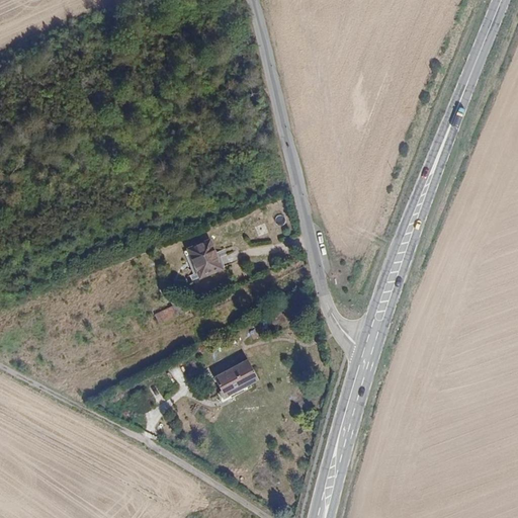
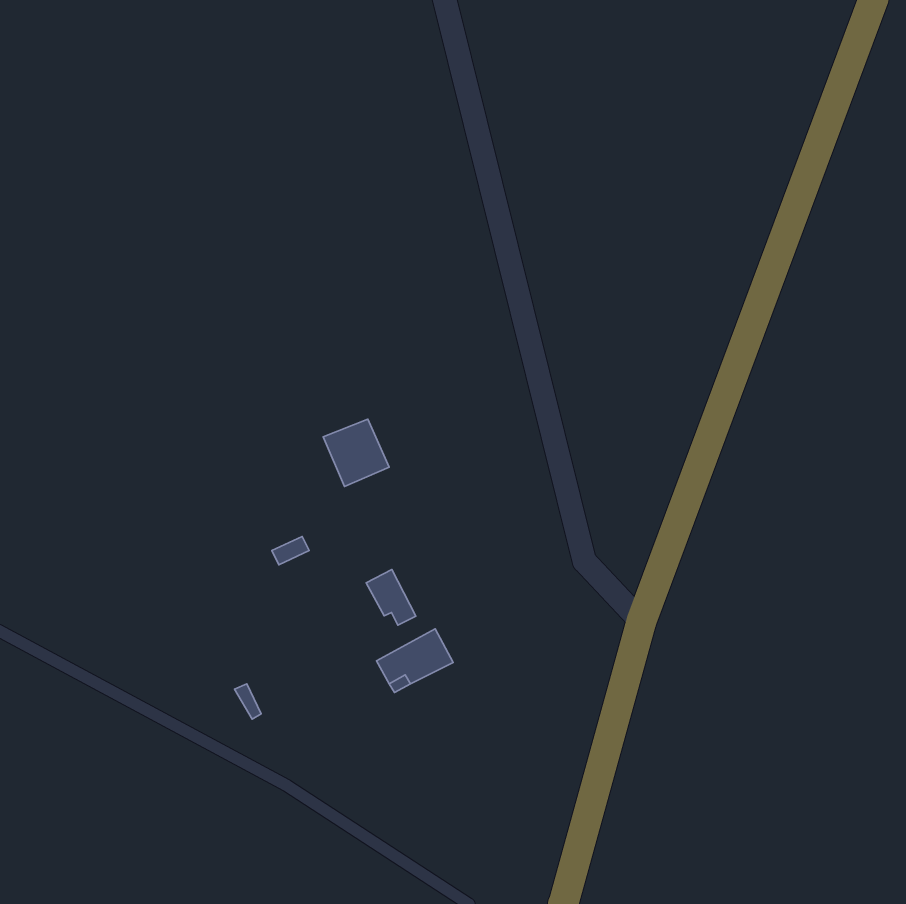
building: none -> [366,569,416,625]

